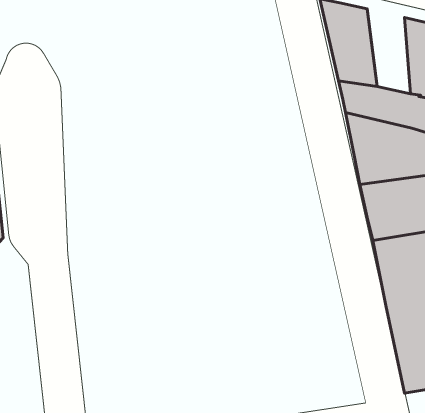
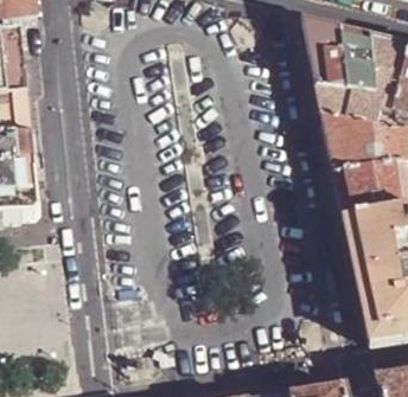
building: none -> [340,24,376,94]

